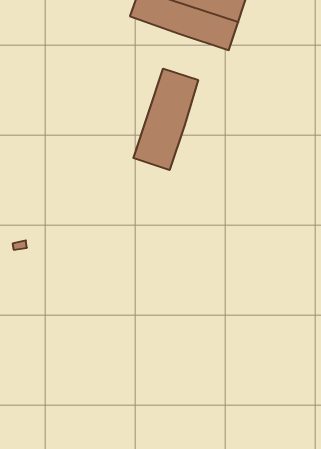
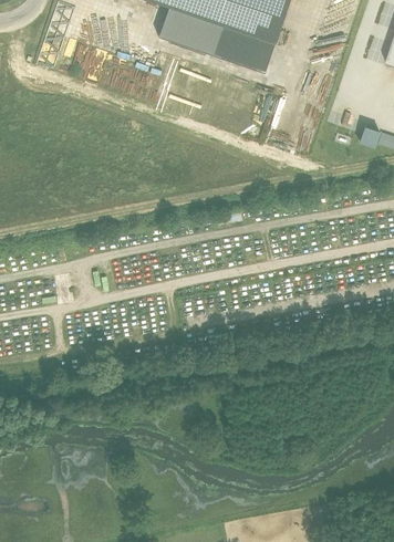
building: [133,69,198,170] -> none

